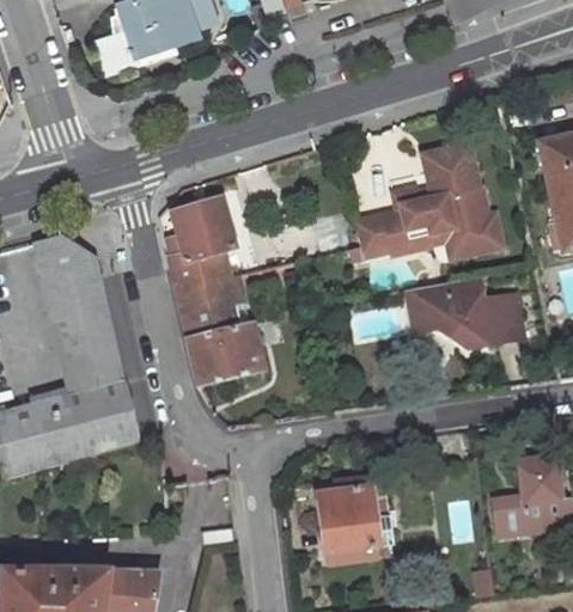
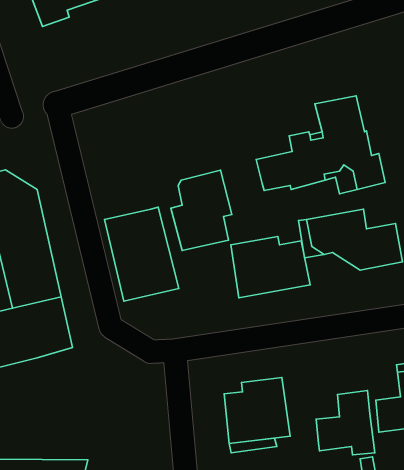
building: [163,197,233,290] -> [171,170,232,250]
building: none -> [231,237,310,298]
building: none -> [316,391,375,455]

